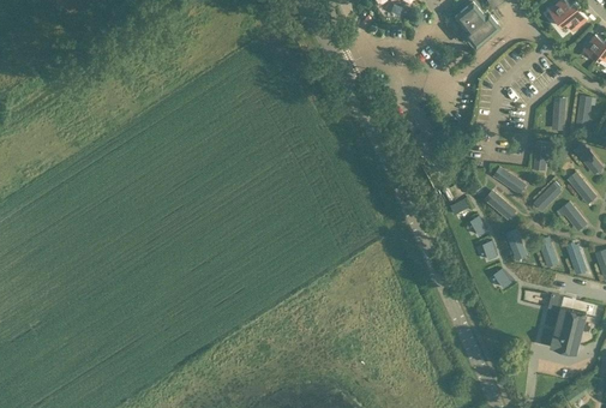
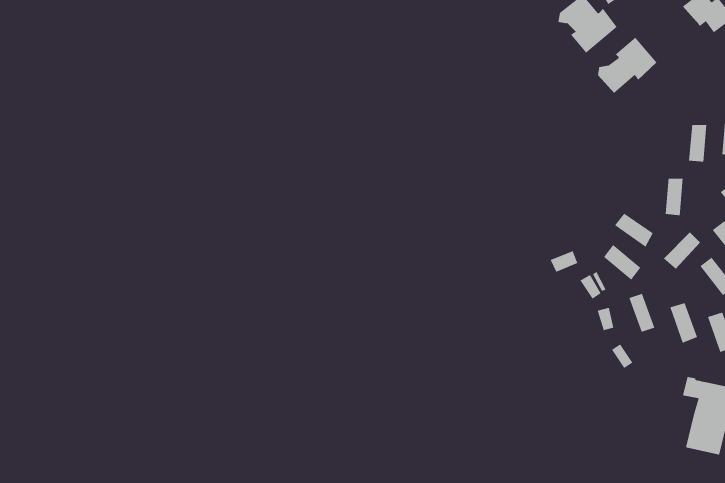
building: none -> [597,37,657,94]

